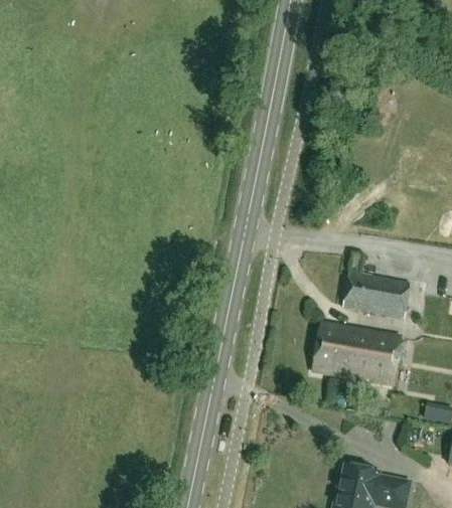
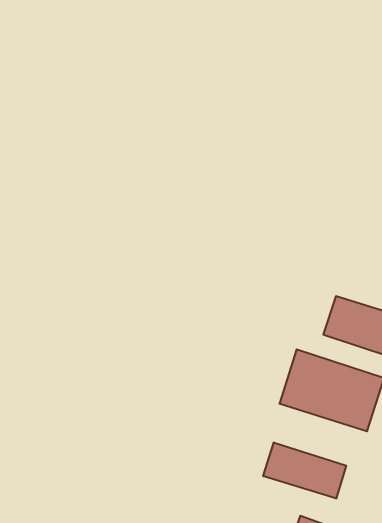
building: none -> [263,442,346,499]

